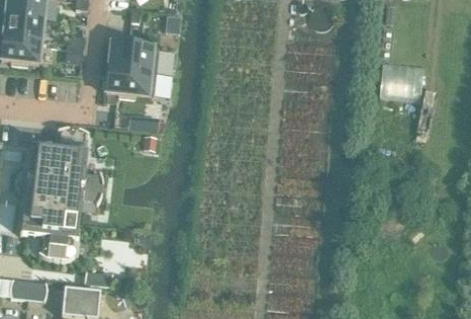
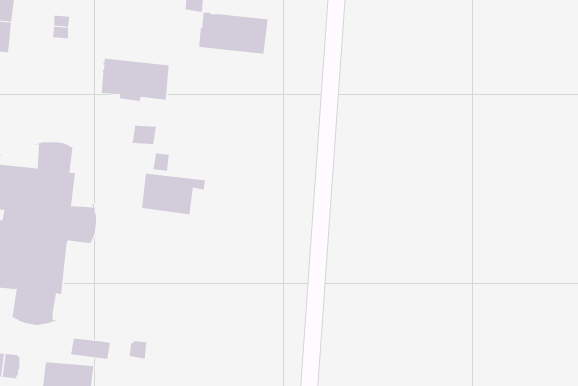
building: [108,41,159,71] -> [199,12,268,54]
building: none -> [141,173,206,215]

